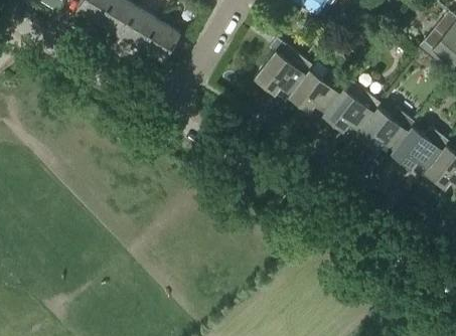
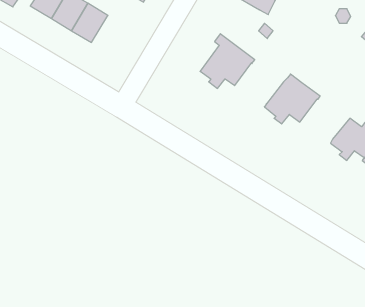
building: [140,21,179,62] -> none
building: [288,70,345,117] -> none
building: [355,109,414,154] -> none

